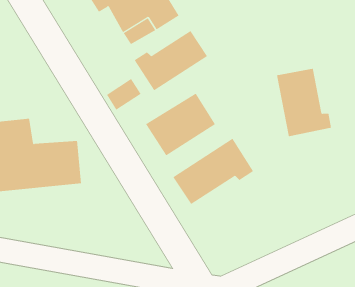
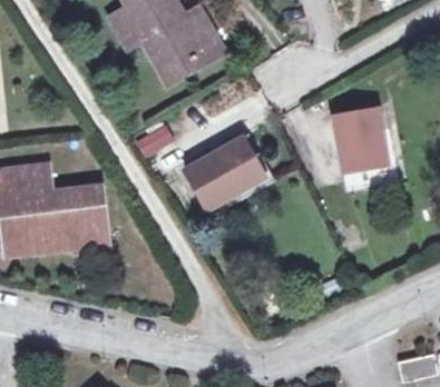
building: [134,30,208,91] -> none
building: [173,138,254,205] -> none

